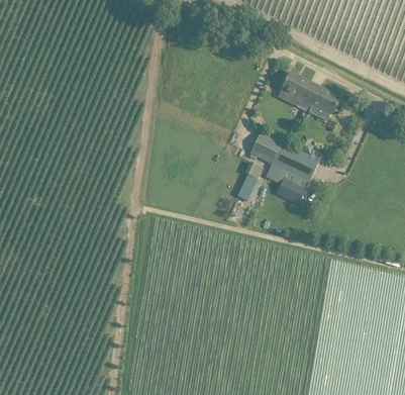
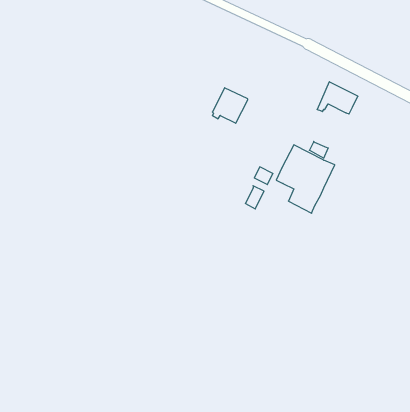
building: [281,73,313,110] -> none
building: [248,131,281,164] -> [212,88,248,123]

